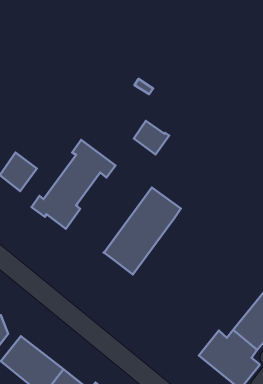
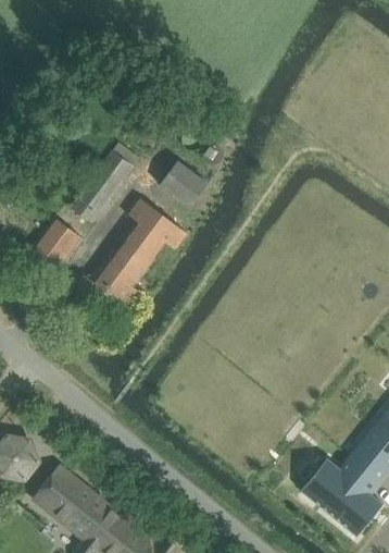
building: none -> [70,150,134,222]
building: [134,121,169,155] -> [160,161,208,207]
building: [104,188,181,275] -> none

